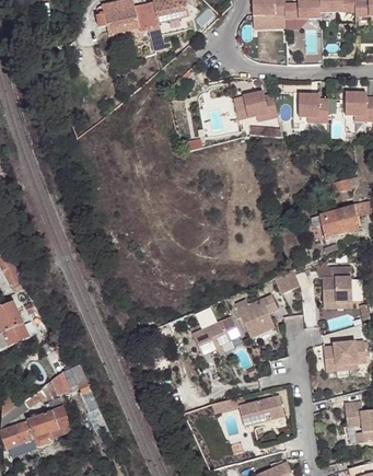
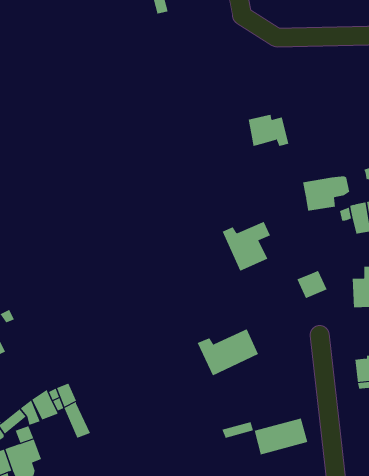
building: [242,92,277,119] -> [248,114,289,146]
building: [298,94,327,124] -> none
building: none -> [303,175,350,212]
building: [236,293,278,336] -> [222,221,271,272]

